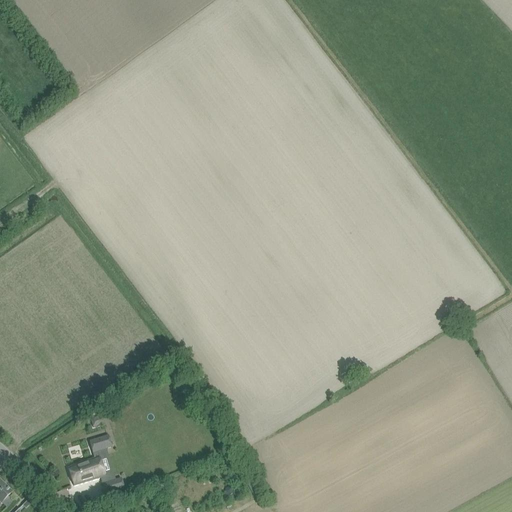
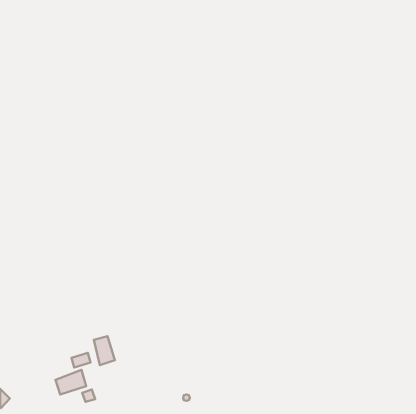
building: none -> [94,336,115,365]

